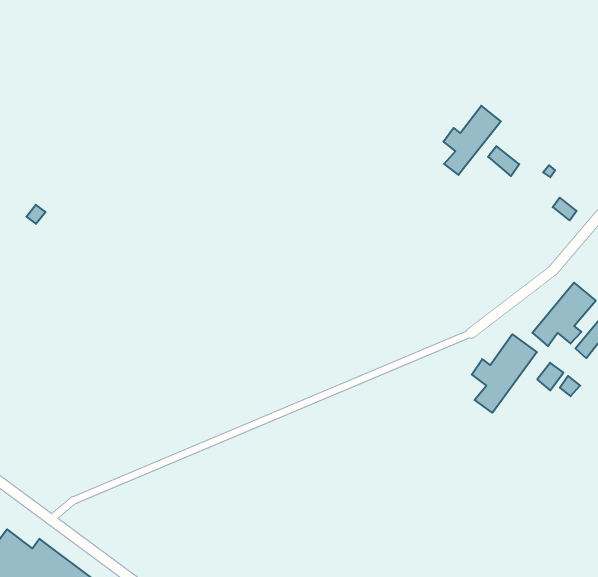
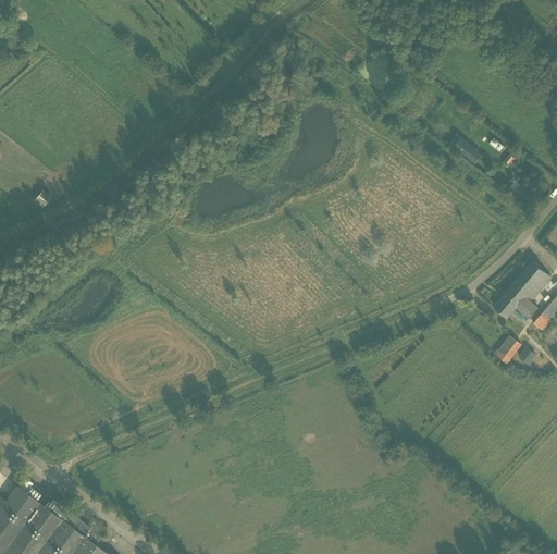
building: [443,106,501,175] -> none
building: [472,334,537,413] -> none

